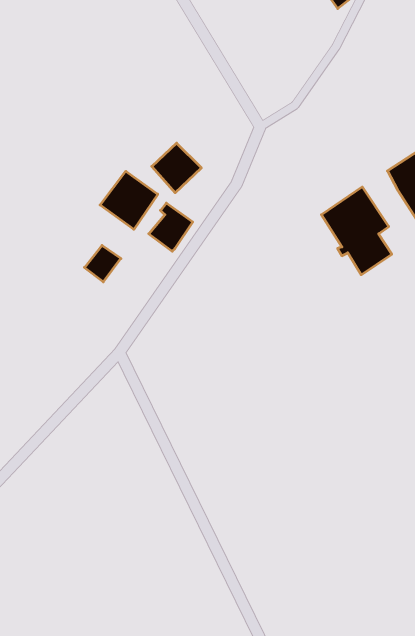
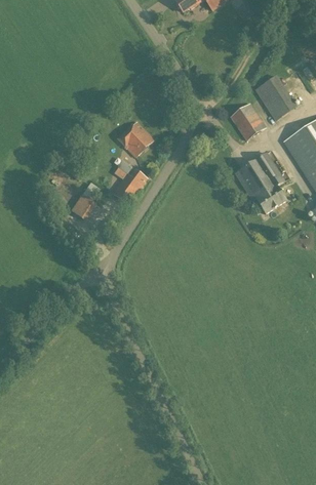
building: none -> [254,73,297,119]
building: none -> [229,100,266,139]
building: [100,171,158,229] -> none

